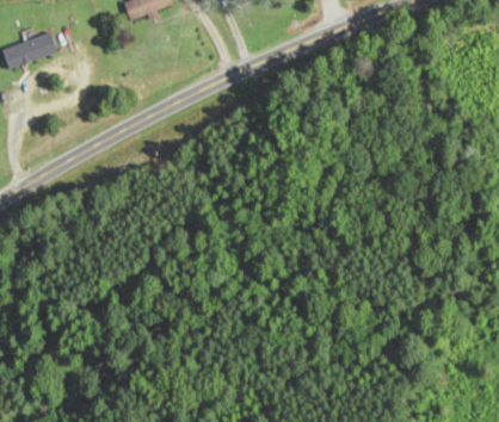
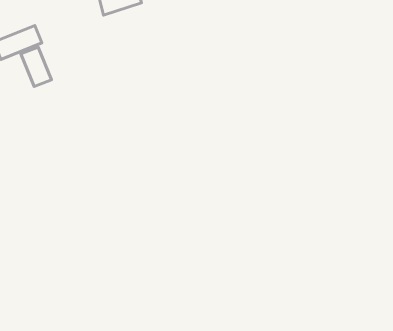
building: none -> [21,47,51,87]

